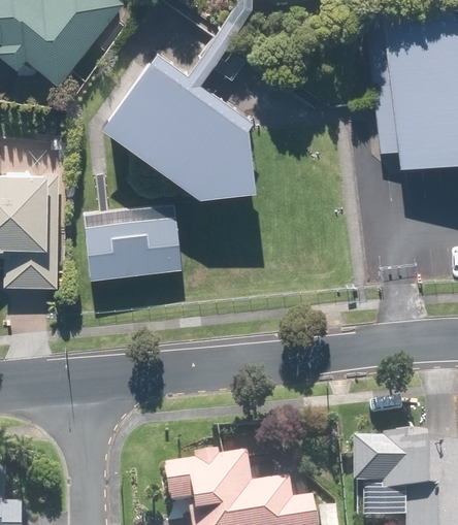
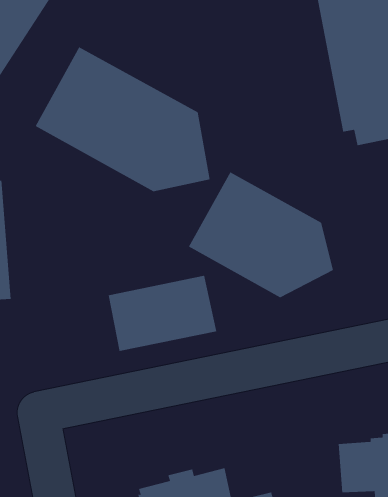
building: none -> [188,172,334,298]
building: [83,218,181,282] -> [108,275,217,351]

